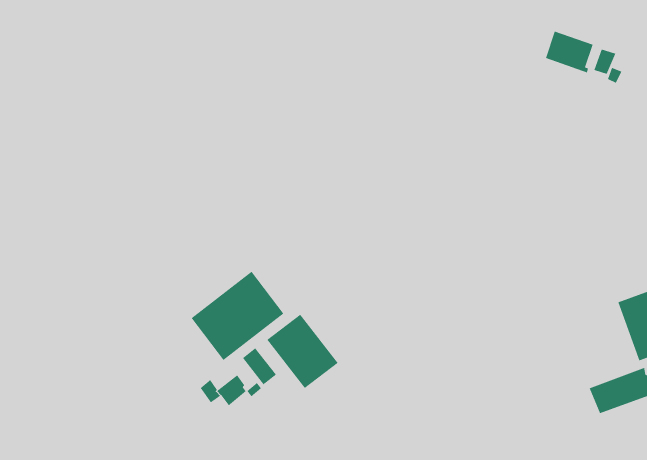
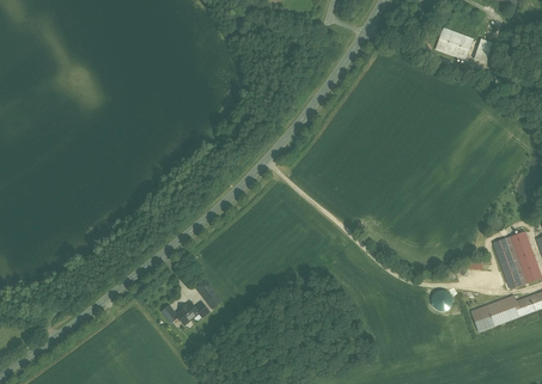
building: [191,271,284,361] -> none
building: [266,314,338,389] -> none

